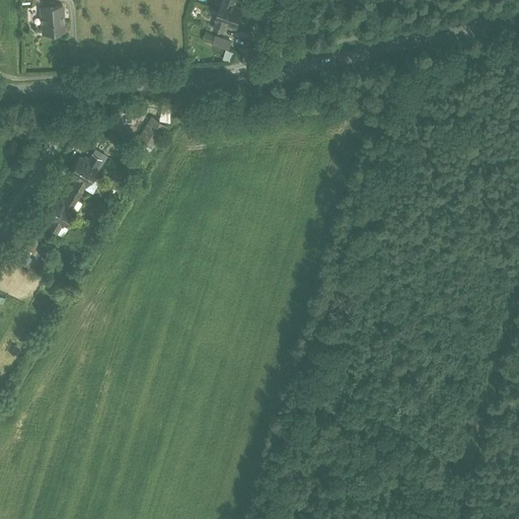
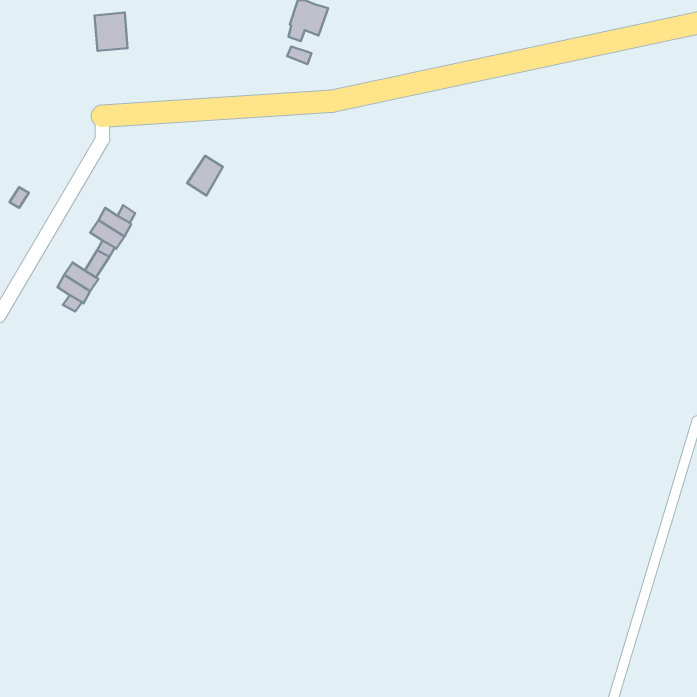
building: [40,5,64,33] -> [95,13,127,51]

